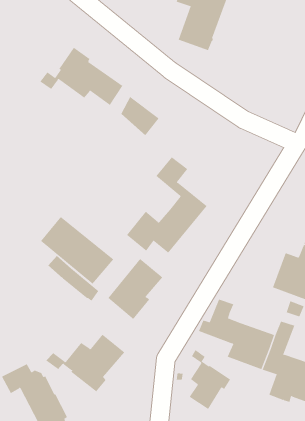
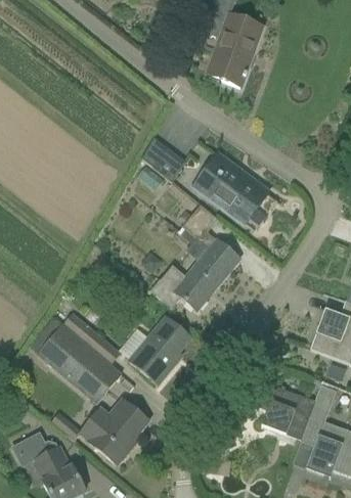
building: [40,47,123,106] -> none
building: none -> [196,155,281,220]
building: [40,216,114,284] -> [39,326,121,402]
building: [189,349,231,410] -> none

